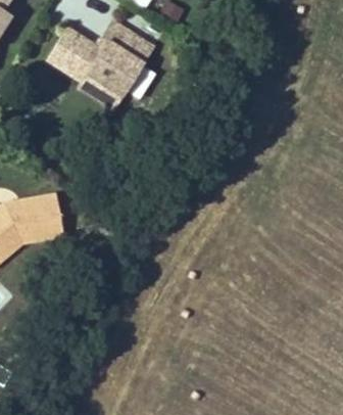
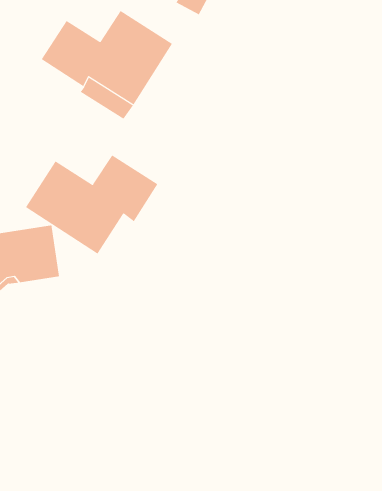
building: none -> [25,154,158,254]

